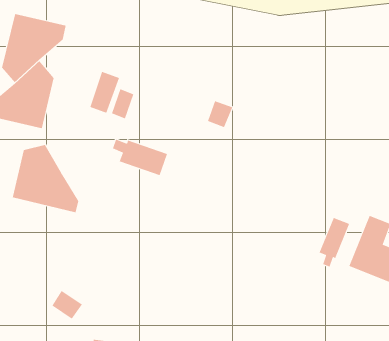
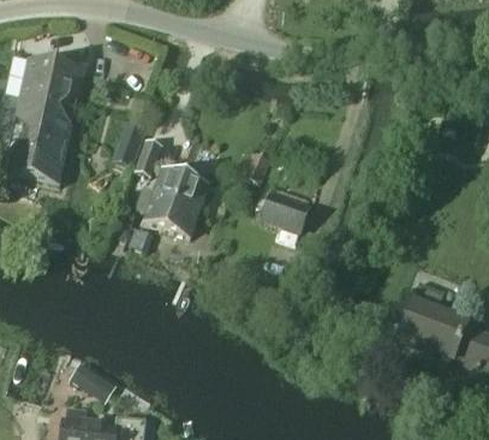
building: none -> [139,171,205,212]
building: none -> [263,195,306,230]
building: [12,144,79,213] -> none
building: [319,217,350,267] -> none

